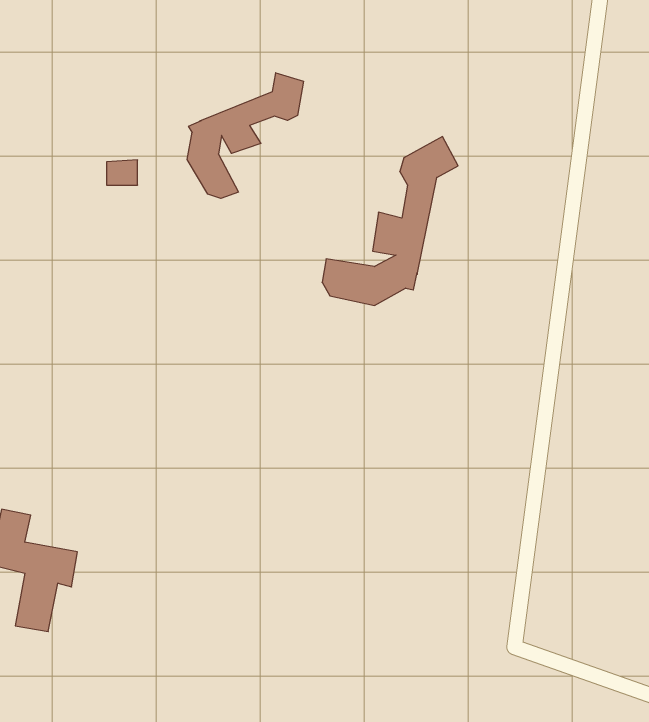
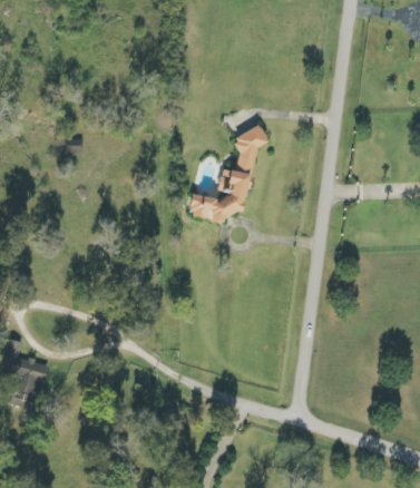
building: [187,73,304,198] -> none

